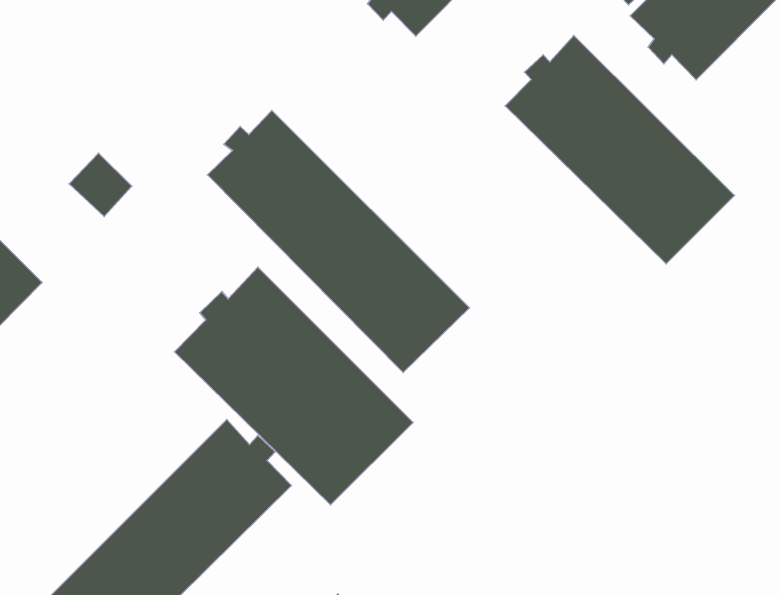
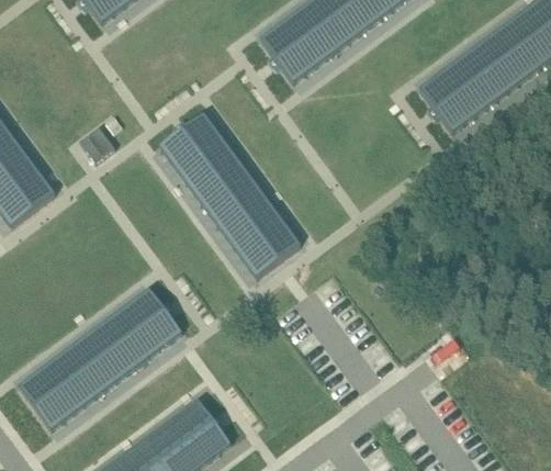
building: [505,36,734,264] -> none
building: [174,267,413,505] -> none

